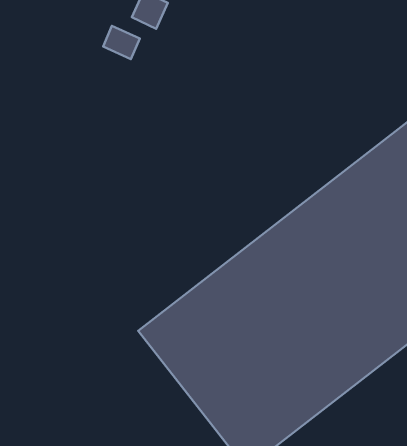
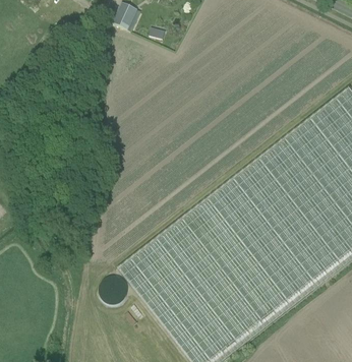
building: [103,26,140,59] -> none

